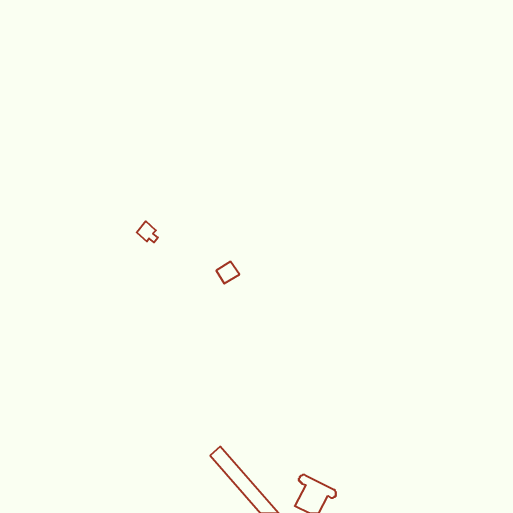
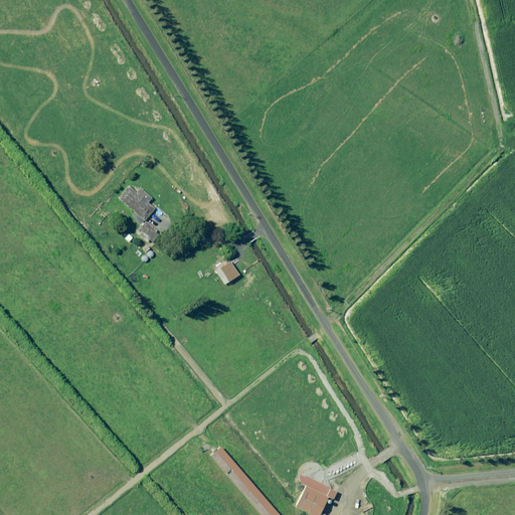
building: none -> [120,184,155,222]

